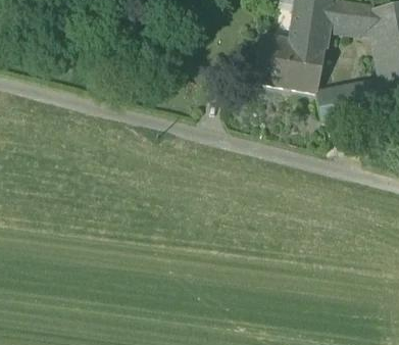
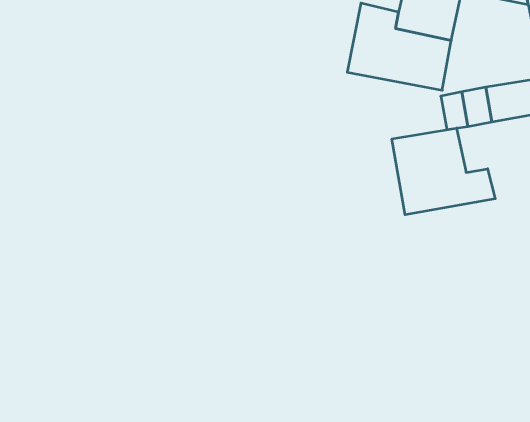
building: none -> [392,128,495,215]

